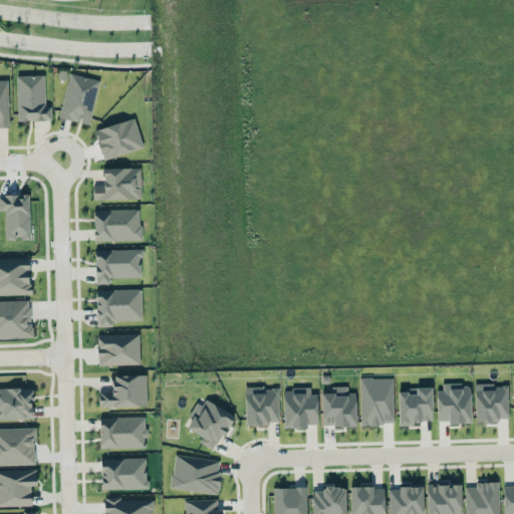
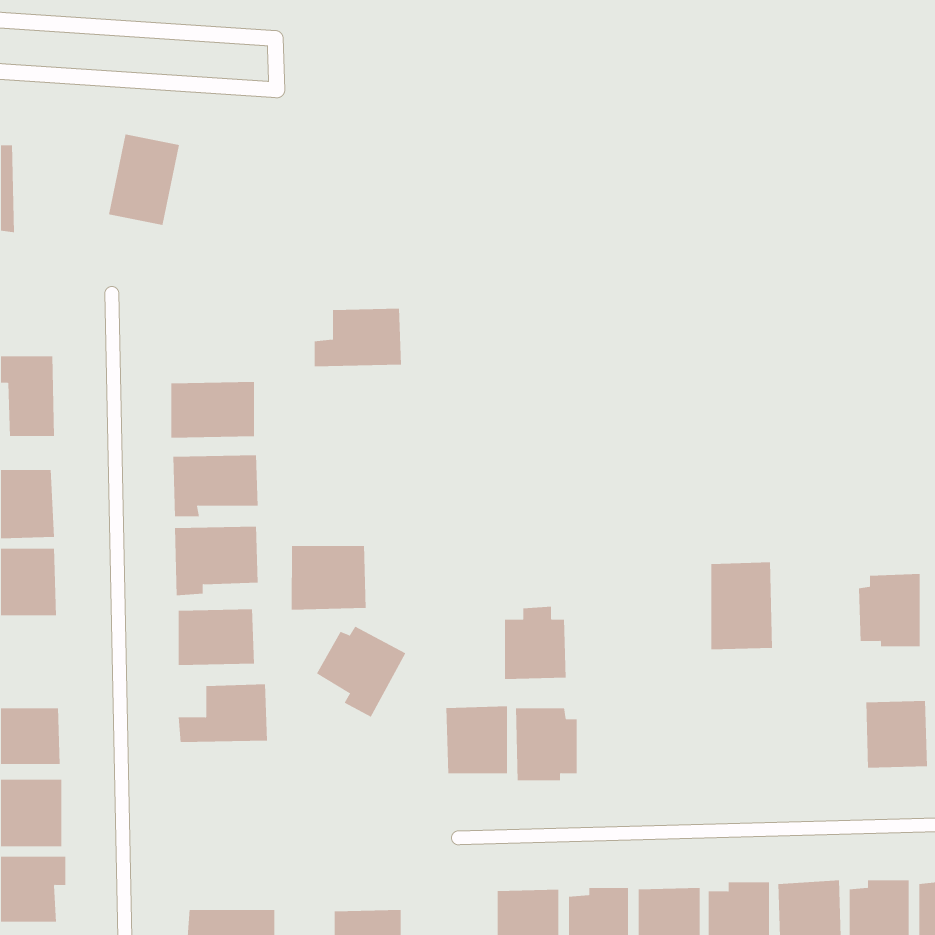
building: [17,75,52,121] -> none
building: [94,118,144,161] -> none
building: [93,169,142,201] -> [314,308,402,367]
building: none -> [291,545,366,610]
building: [360,377,395,426] -> [710,562,773,650]
building: [437,383,471,424] -> [858,574,920,647]
building: [322,387,356,427] -> [504,606,567,680]
building: [399,388,433,425] -> none
building: [185,401,234,451] -> [316,626,406,717]
building: [99,417,147,449] -> none
building: [171,455,222,495] -> none
building: [101,459,148,490] -> none

